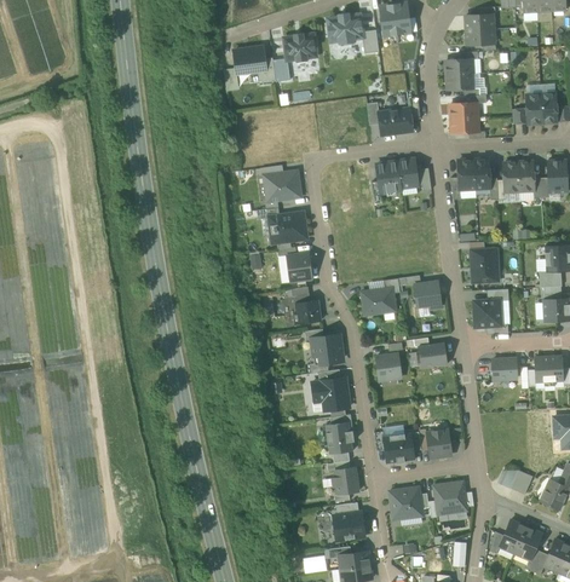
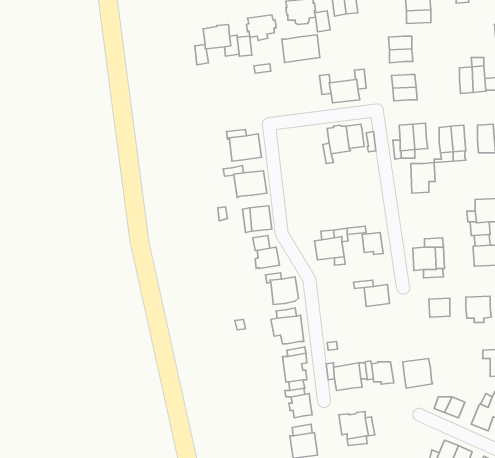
building: none -> [282,35,320,63]
building: [470,248,497,283] -> [411,162,435,193]
building: [375,353,401,380] -> none
building: [433,482,467,515] -> [403,358,433,388]

